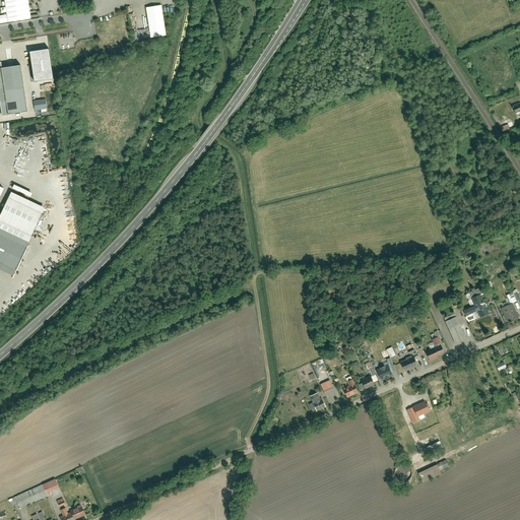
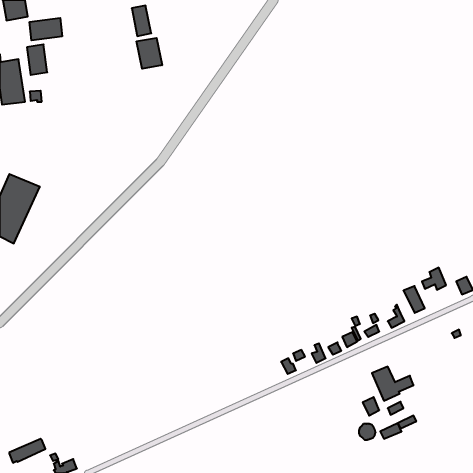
building: none -> [30,18,62,40]
building: none -> [137,38,162,69]

